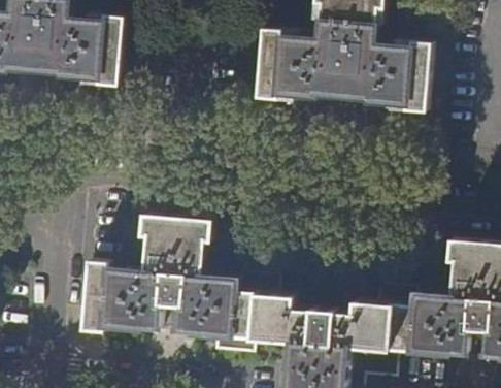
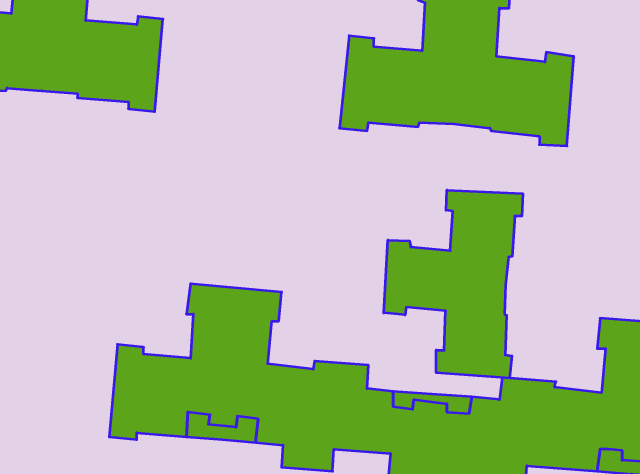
building: none -> [384,190,523,378]

